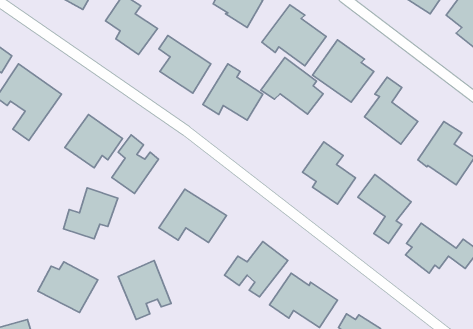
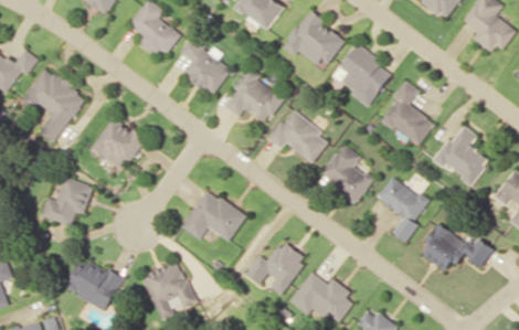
building: [261,57,323,114] -> [267,108,328,163]
building: [112,135,158,194] -> none
building: [64,188,118,239] -> [40,177,93,226]

